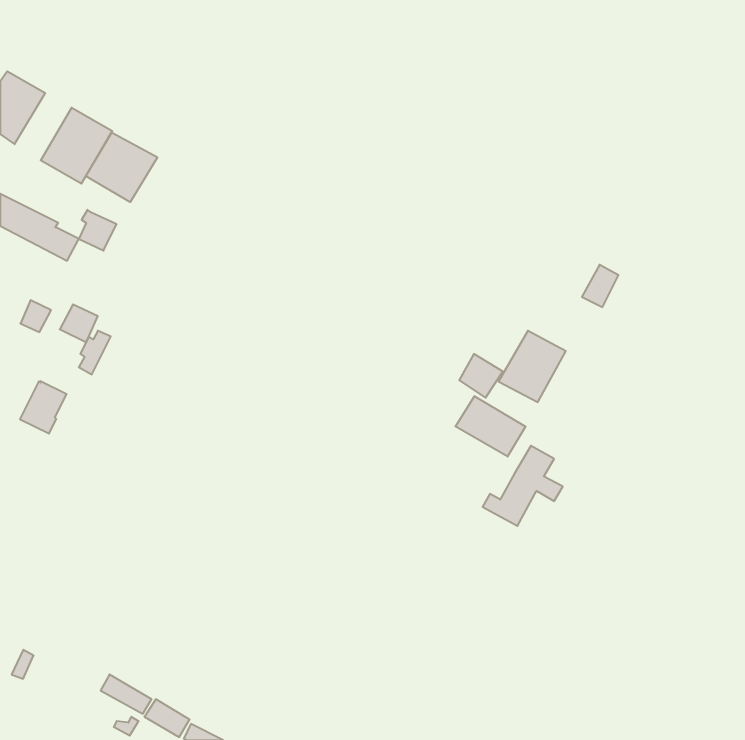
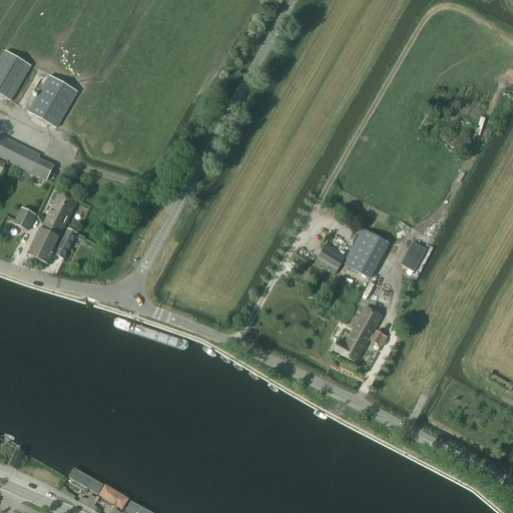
building: [86,132,157,202] -> none
building: [79,210,117,251] -> [50,189,76,217]
building: [582,265,618,307] -> [400,240,425,270]
building: [20,381,67,434] -> [27,226,59,263]
building: [455,396,526,457] -> none

